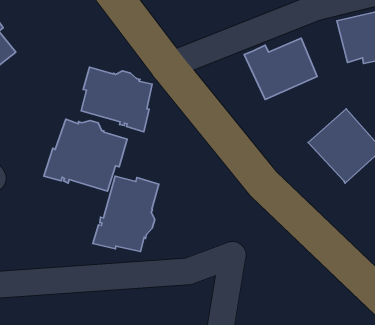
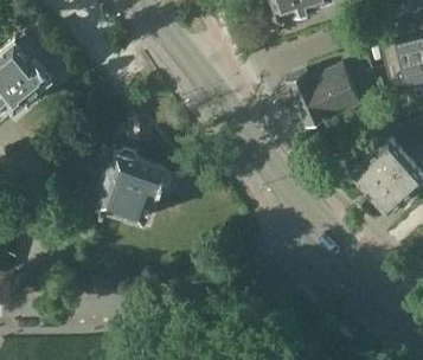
building: [81,67,152,132] -> none
building: [93,176,159,252] -> none

